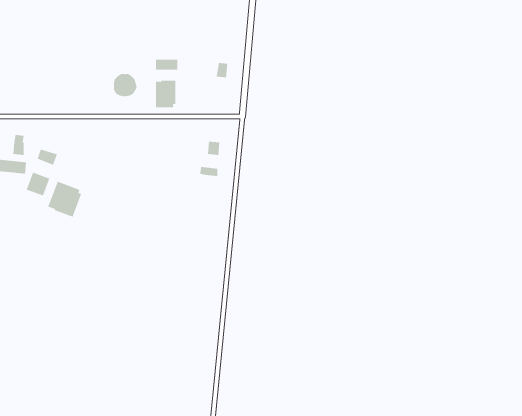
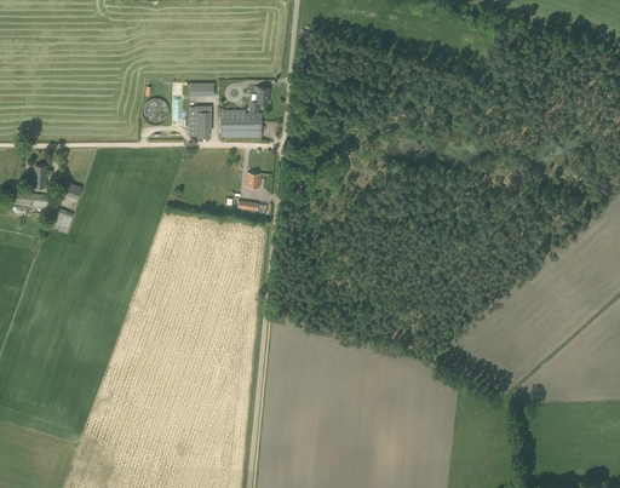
building: none -> [220,108,262,137]
building: [48,181,82,218] -> none

